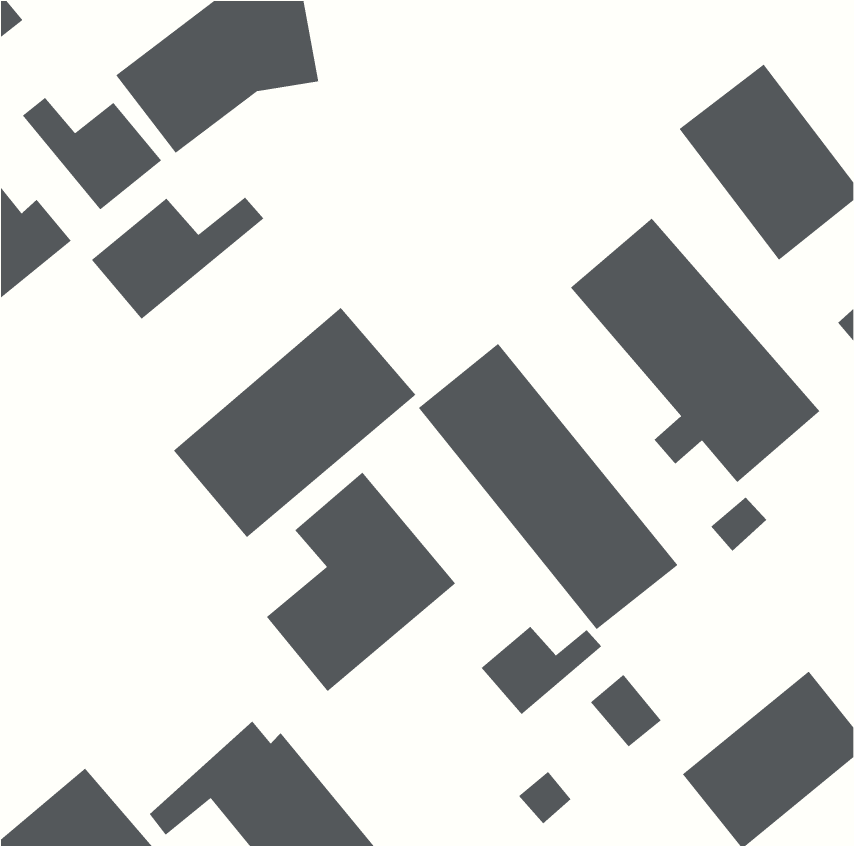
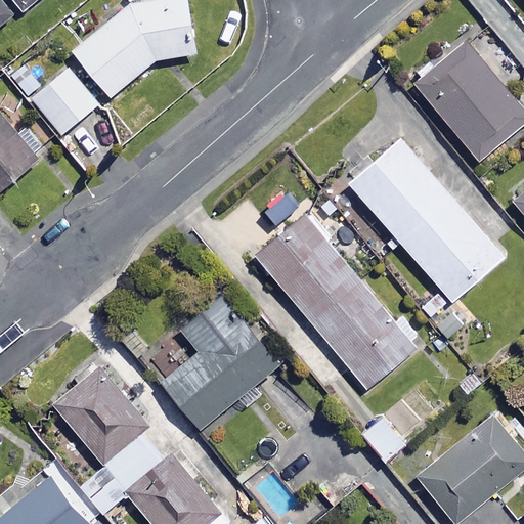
building: [91,196,264,320] -> none
building: [173,307,416,538] -> none
building: none -> [54,366,155,504]
building: [481,626,602,715] -> none

